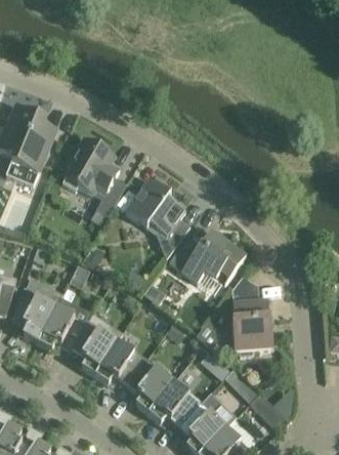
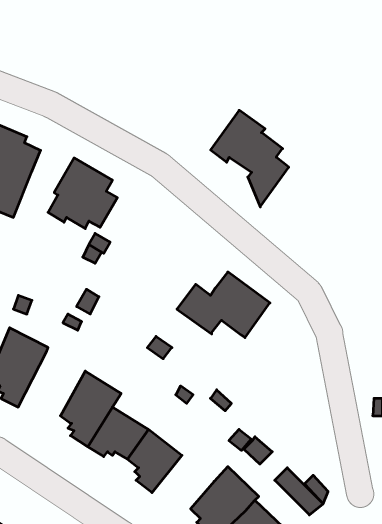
building: [125,177,189,257] -> [211,110,289,207]
building: [37,295,92,348] -> none
building: [231,298,272,354] -> none
building: [147,381,199,425] -> none

